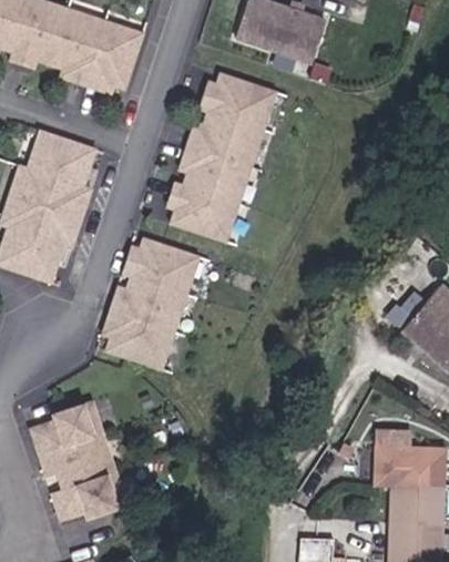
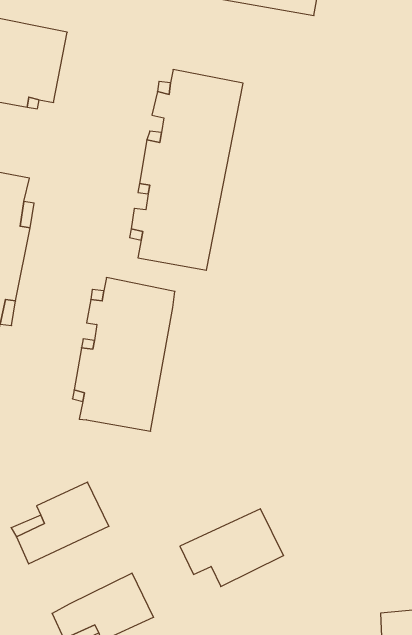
building: [48,432,127,489] -> [180,509,284,587]

